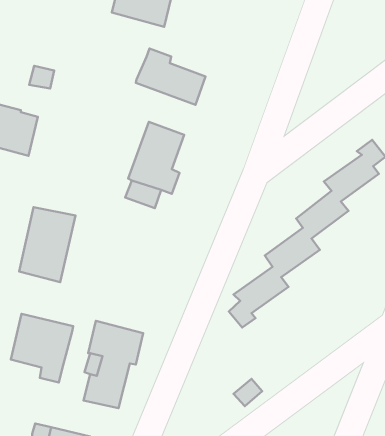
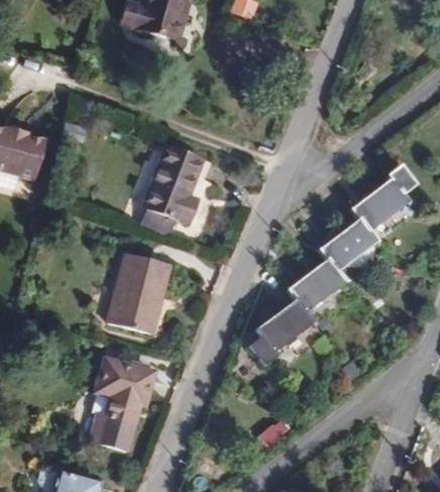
building: [136,49,205,105] -> none
building: [19,207,75,282] -> [110,253,170,332]
building: [11,314,73,382] -> none

